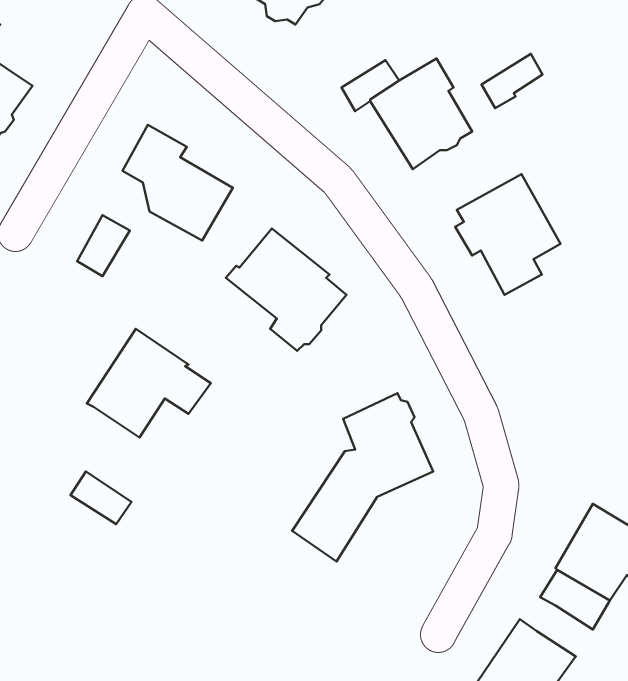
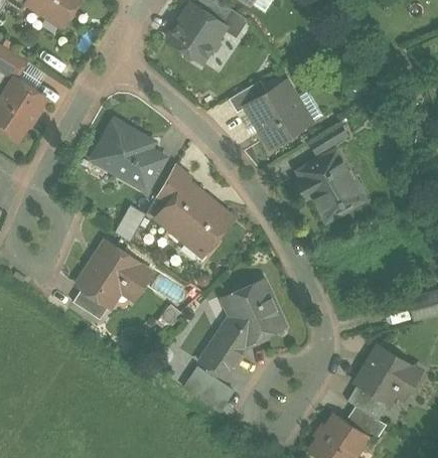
building: [481,54,543,108] -> [309,123,345,155]
building: none -> [157,164,190,205]
building: [77,215,130,276] -> [115,205,146,242]
building: [70,471,132,524] -> [72,288,109,319]
building: none -> [184,364,239,414]
building: none -> [344,406,386,442]

